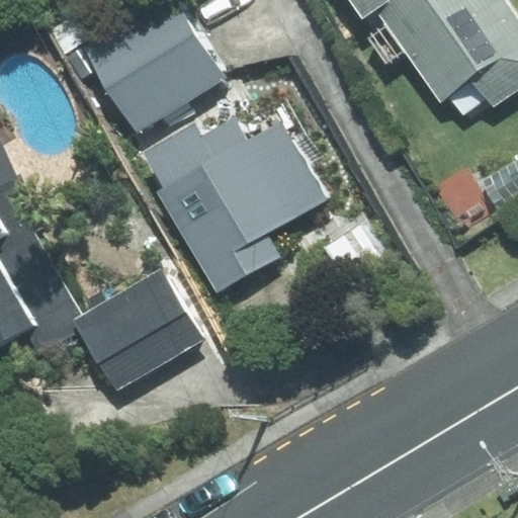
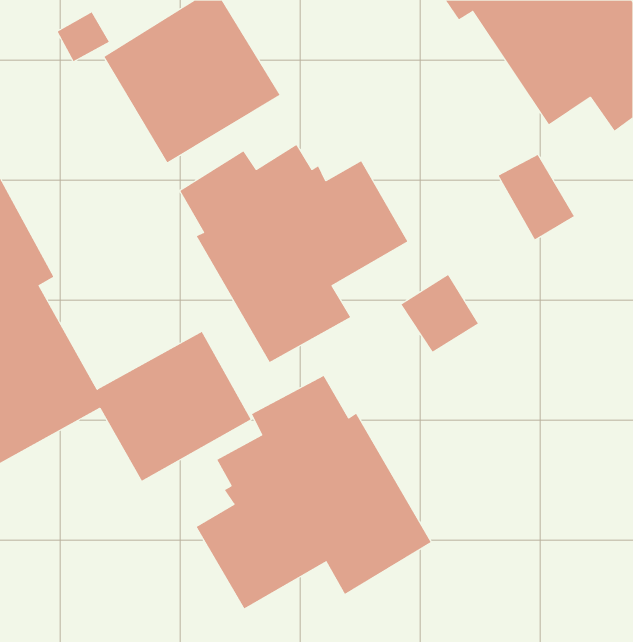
building: none -> [196,375,431,609]

